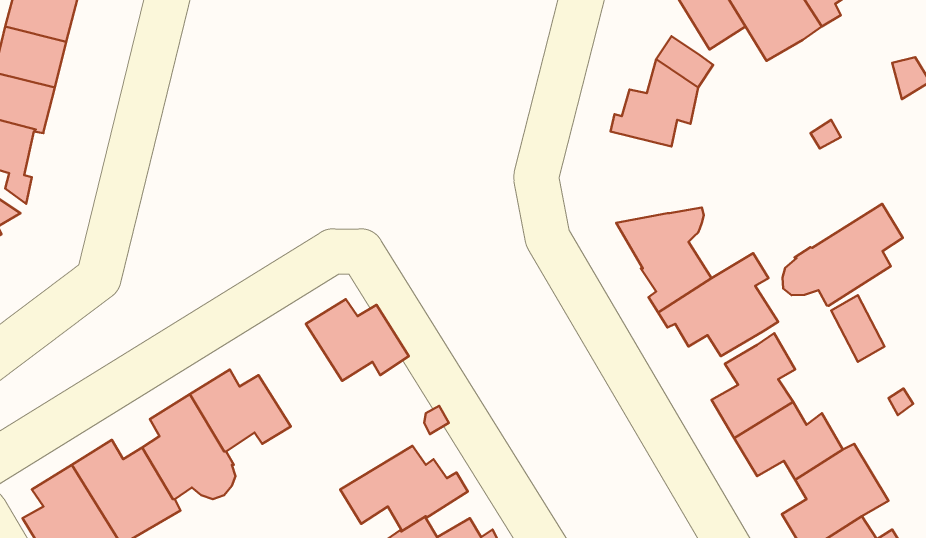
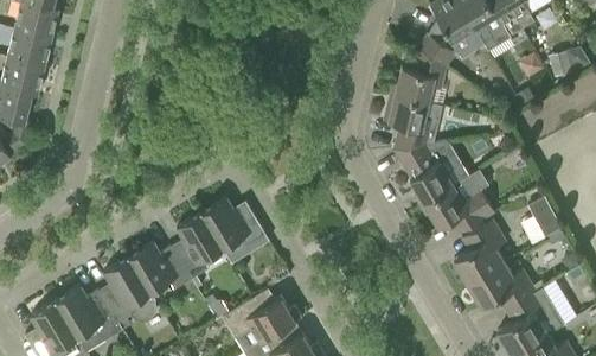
building: none -> [383,94,431,151]
building: [782,204,903,306] -> none
building: none -> [171,214,223,278]

